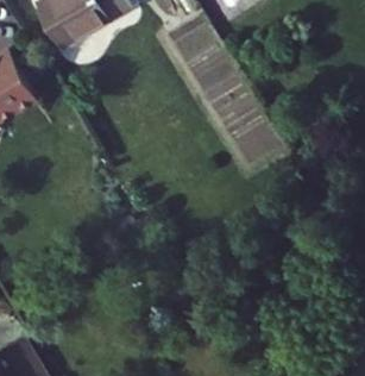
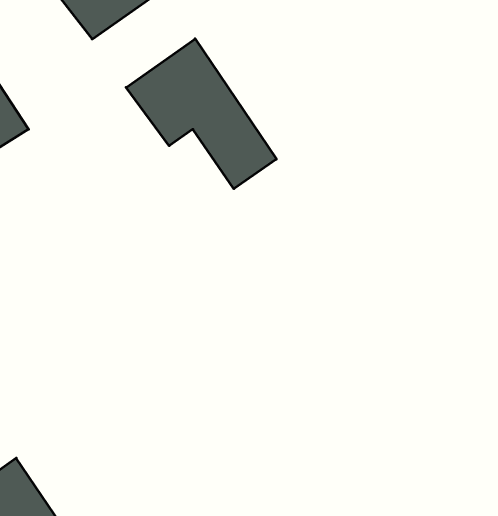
building: none -> [126,39,276,189]

